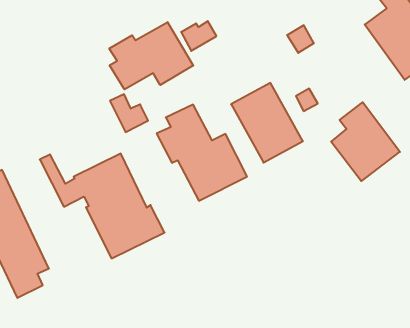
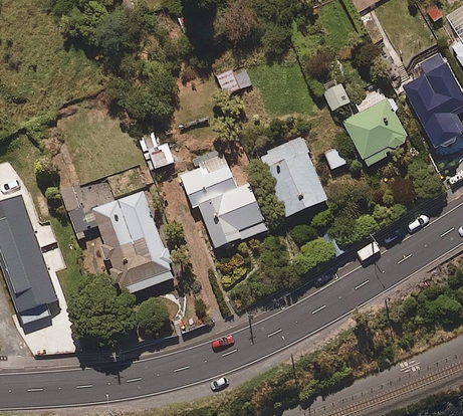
building: [109,22,193,89] -> none
building: [331,102,400,181] -> [342,86,411,166]

